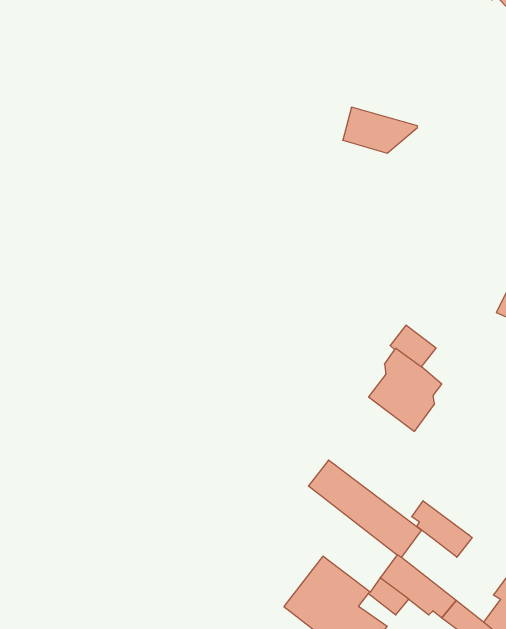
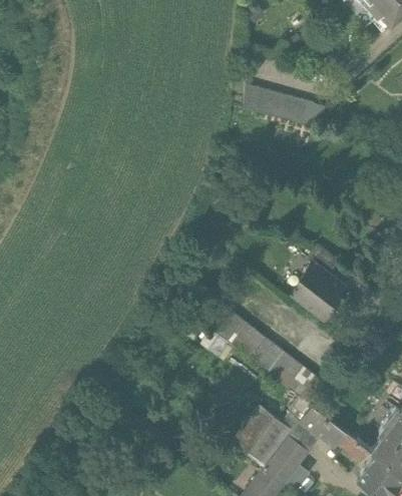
building: none -> [243,84,281,116]
building: none -> [213,310,265,358]
building: [412,501,472,557] -> none

